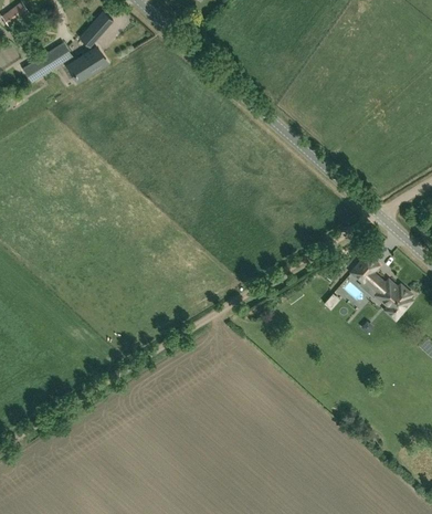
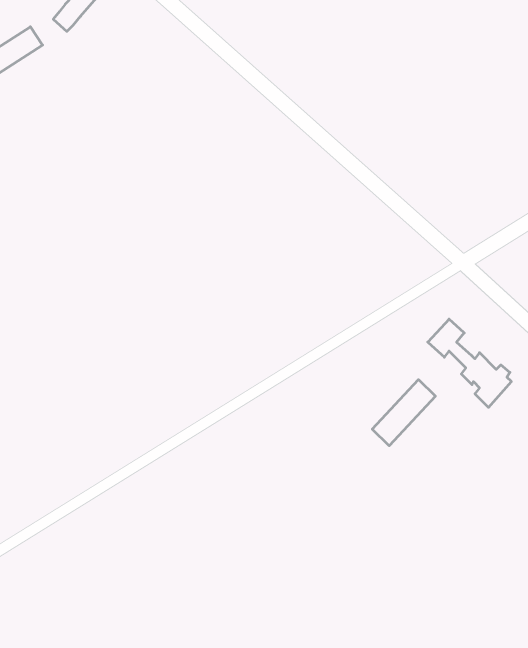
building: [69,48,107,81] -> none
building: none -> [372,380,435,446]

